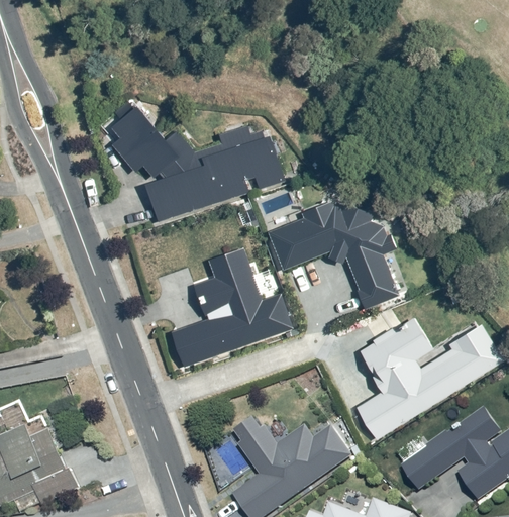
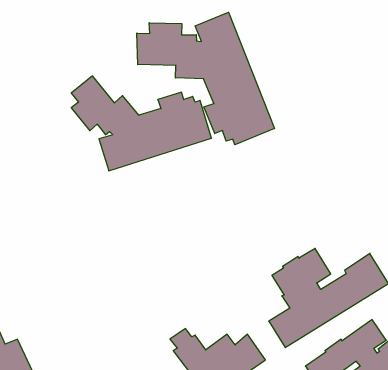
building: none -> [137,12,274,145]
building: [268,200,400,308] -> none
building: [172,246,294,366] -> none

